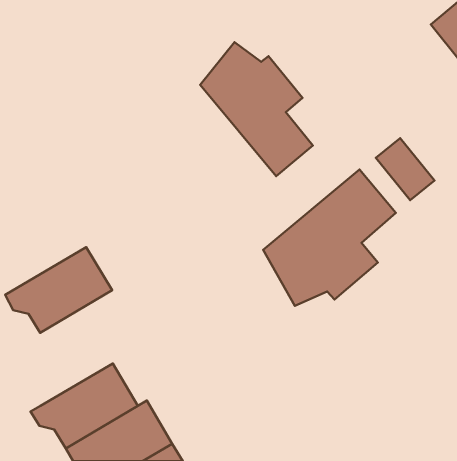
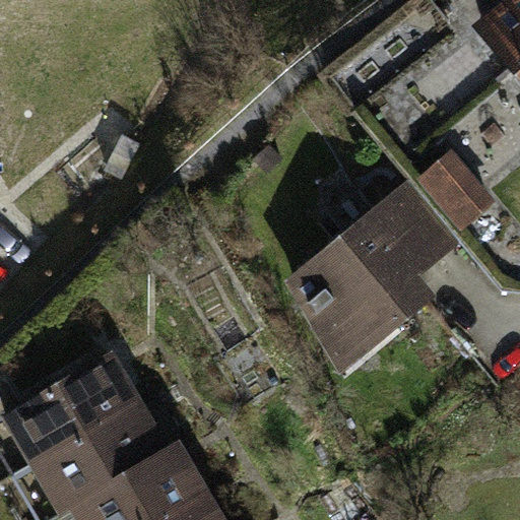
building: [200,42,313,176] -> none
building: [5,247,112,333] -> [10,361,131,457]

